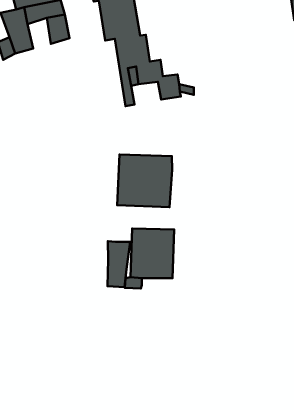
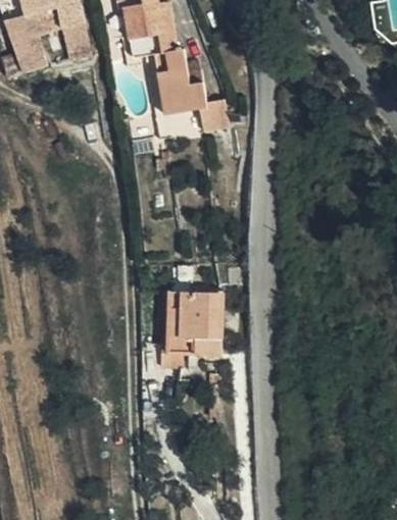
building: [117,154,172,207] -> none
building: [107,241,130,287] -> none

